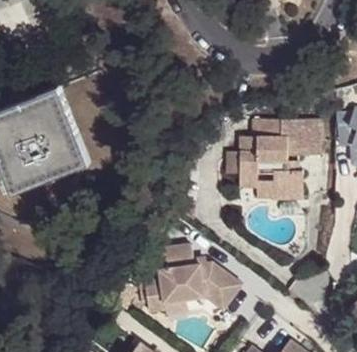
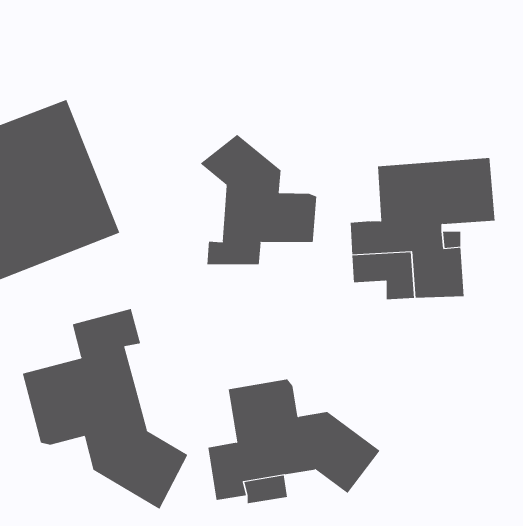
building: none -> [199,134,317,265]
building: none -> [22,308,188,510]

